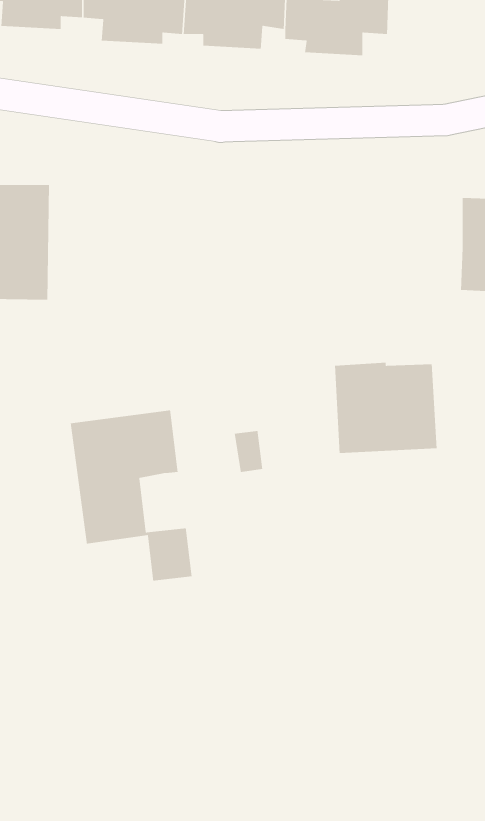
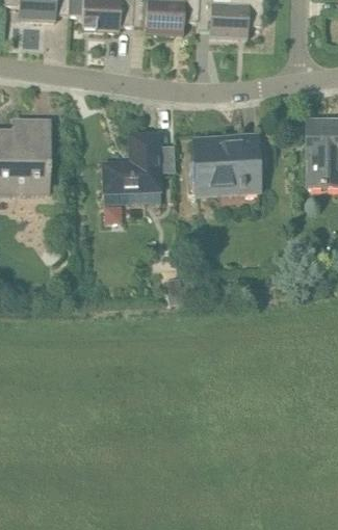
building: none -> [104,133,159,202]
building: [334,362,437,454] -> [193,136,259,194]
building: [70,410,193,581] -> none

